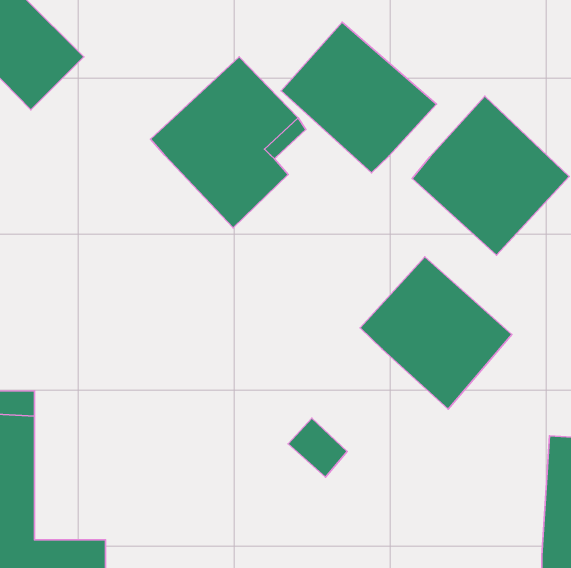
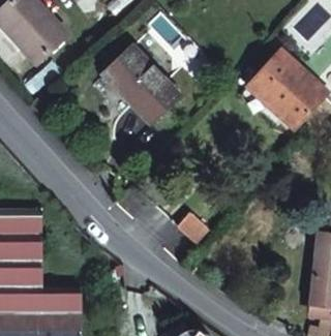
building: [281,22,436,173] -> none
building: [360,257,512,409] -> none

